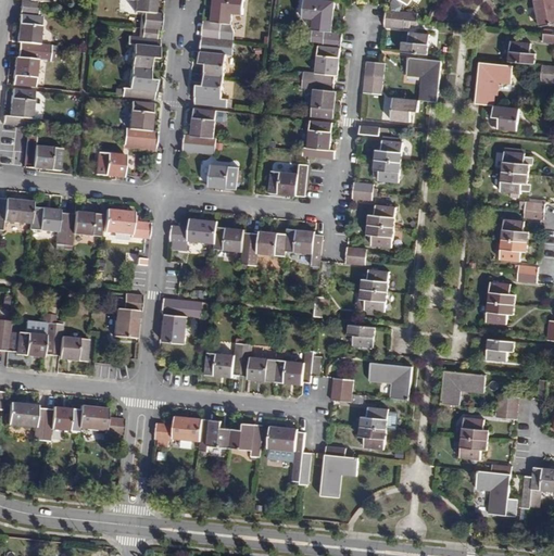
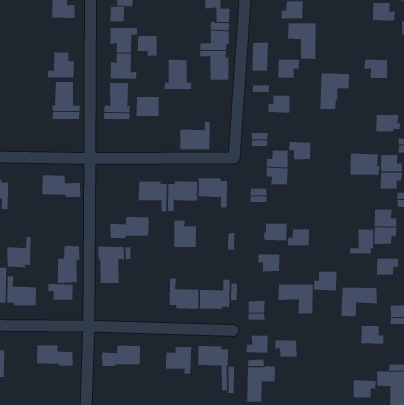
building: [127,27,160,68] -> none
building: none -> [137,35,157,56]
building: [474,62,513,106] -> [319,73,350,110]
building: [302,119,336,157] -> [164,59,192,90]
building: [95,152,125,177] -> none
building: [501,152,529,175] -> none
building: [374,159,401,181] -> [289,142,311,160]
building: [207,164,238,189] -> [135,97,160,116]
building: [63,211,102,247] -> none
building: none -> [350,153,380,175]
building: [169,217,217,242] -> [109,217,149,238]
building: [361,268,389,290] -> [287,229,310,246]
building: none -> [174,220,196,248]
building: none -> [7,236,31,268]
building: none -> [350,228,373,254]
building: none -> [48,283,73,300]
building: [204,341,243,376] -> none
building: none -> [313,271,337,291]
building: [360,405,388,428] -> [246,335,269,353]
building: [41,407,81,442] -> none
building: [199,418,231,451] -> none
building: [457,438,487,460] -> [353,380,376,398]

